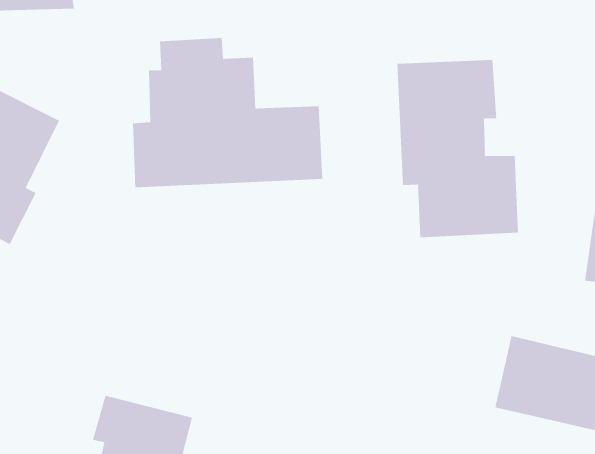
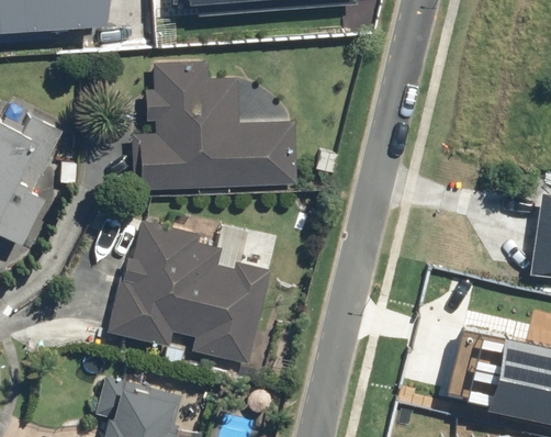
building: [397,59,519,238] -> none
building: none -> [106,220,270,365]

